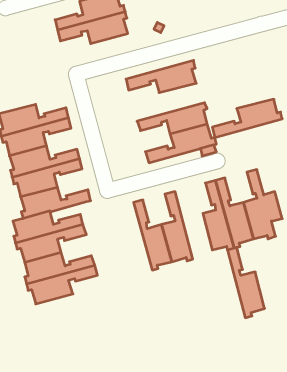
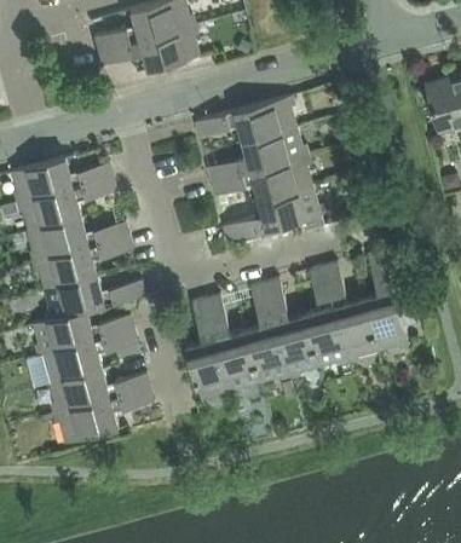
building: [212,99,282,137] -> [207,127,307,181]
building: none -> [185,298,232,398]
building: [227,247,265,318] -> [265,278,318,379]

